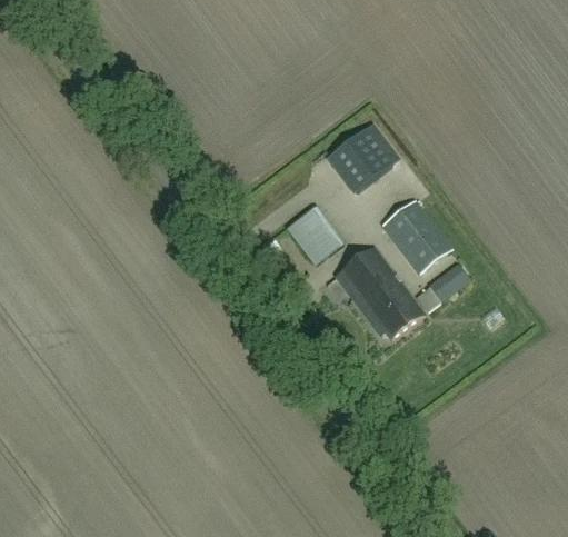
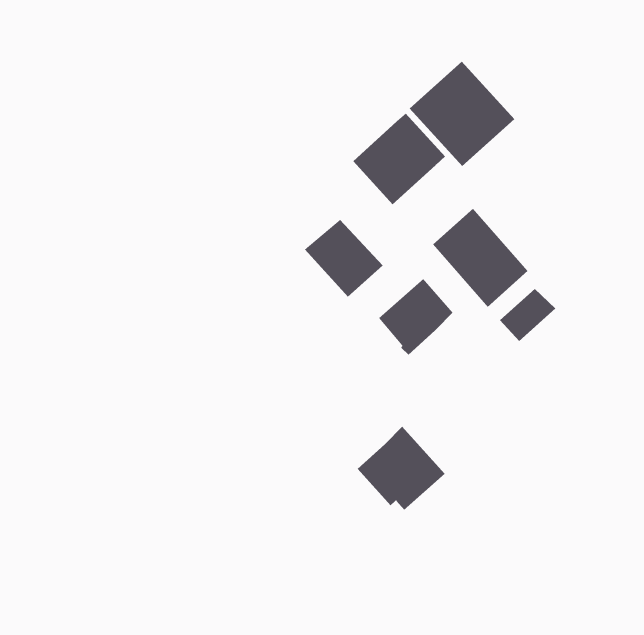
building: none -> [409,61,515,167]
building: [356,277,421,340] -> [357,426,445,511]

